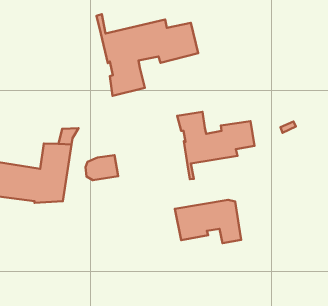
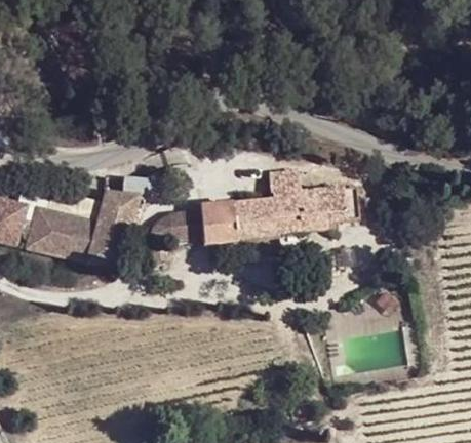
building: [97,14,198,96] -> none
building: [175,200,241,243] -> [198,199,274,250]

